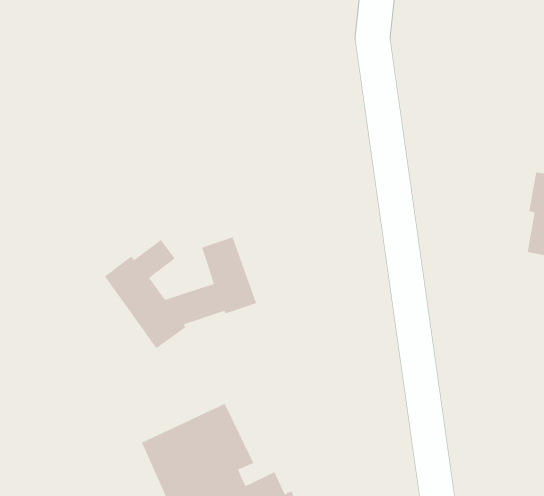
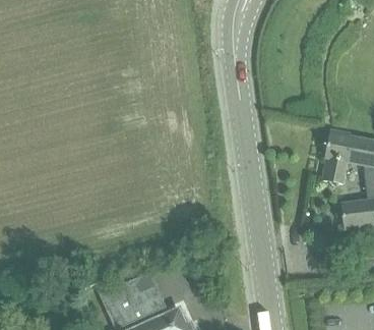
building: [104,236,257,349] -> none

